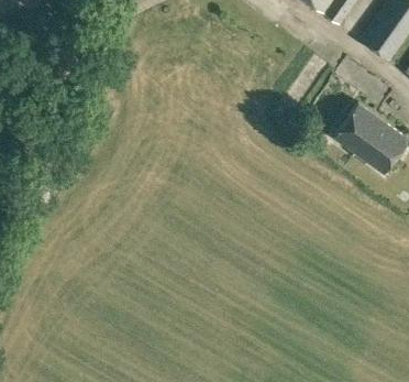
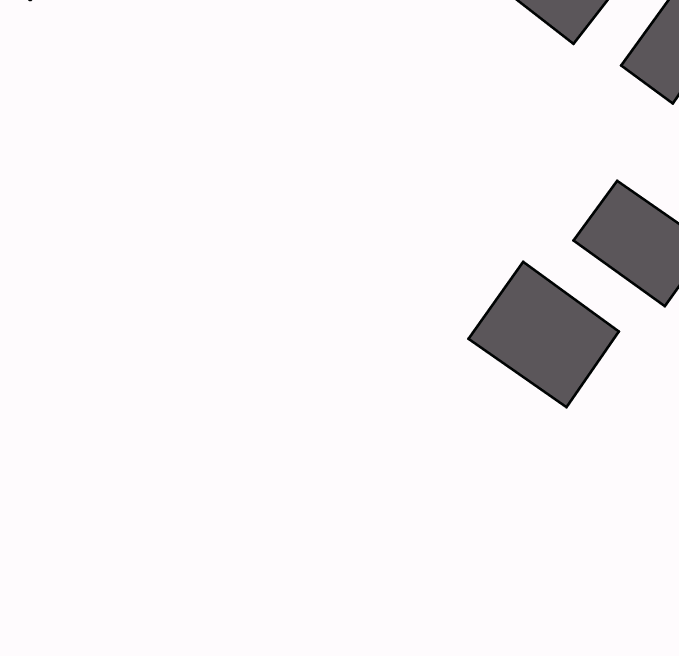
building: none -> [469,262,619,407]

